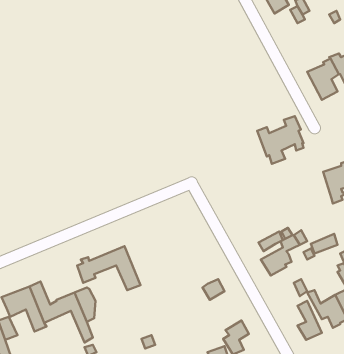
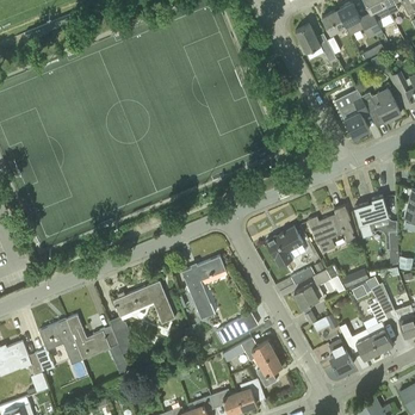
building: [257,116,303,164] -> [308,205,353,252]
building: none -> [266,229,303,266]
building: none -> [181,255,225,318]
building: none -> [223,337,274,363]

